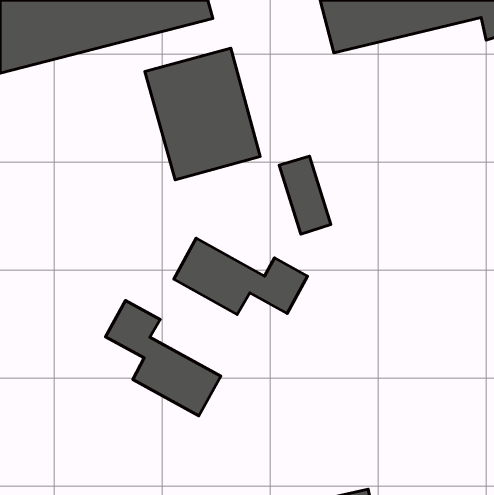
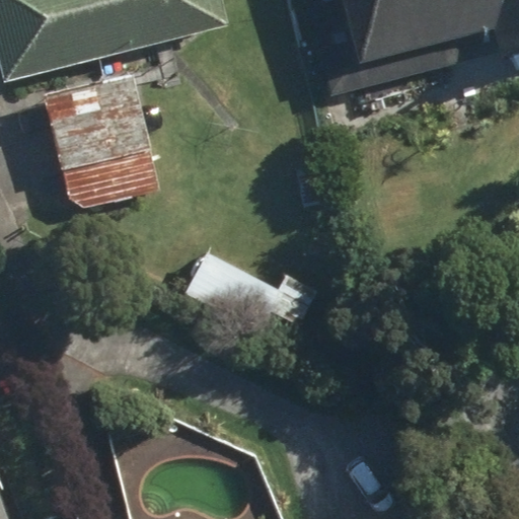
building: [145,48,260,180] -> [40,73,159,210]
building: [106,301,221,416] -> none

